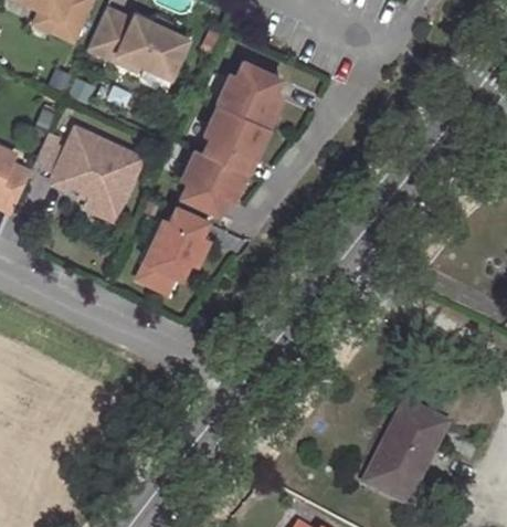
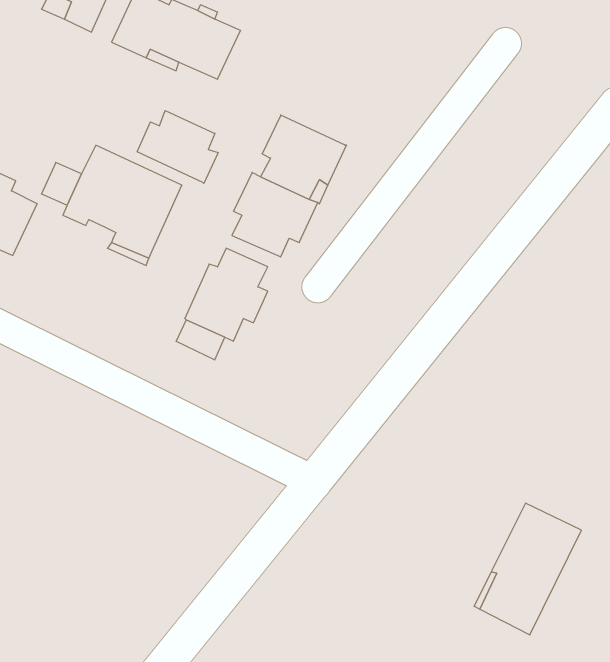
building: [215,61,281,127] -> none
building: none -> [137,111,218,183]

